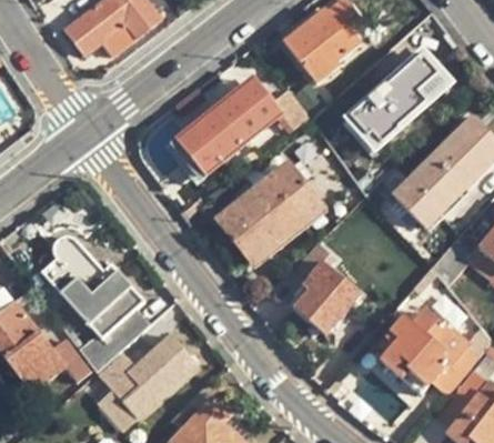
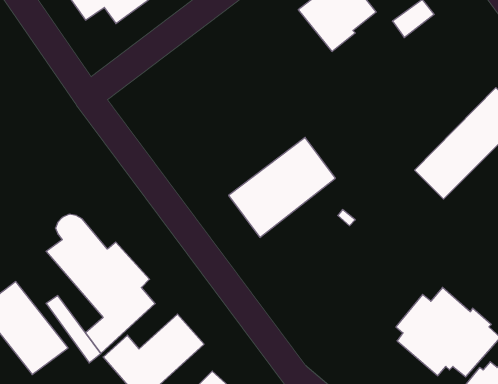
building: [345,51,452,151] -> none
building: [168,85,309,182] -> none
building: [293,242,372,333] -> none

